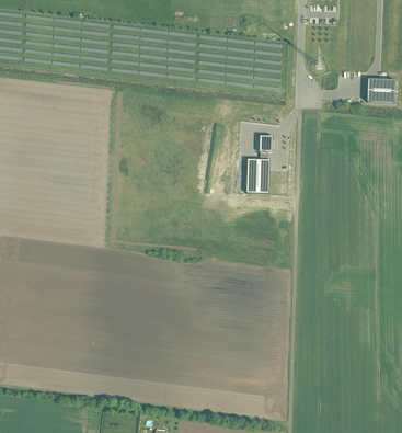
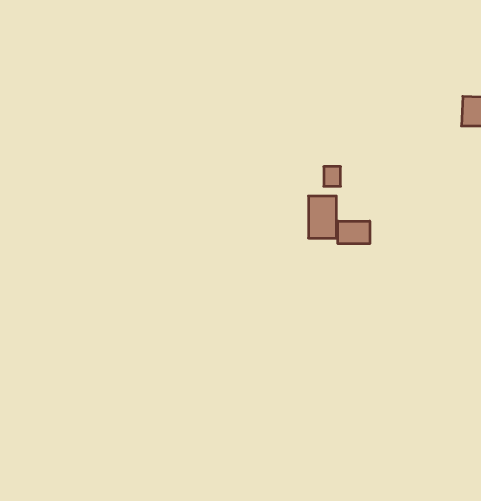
building: none -> [338,221,370,244]

